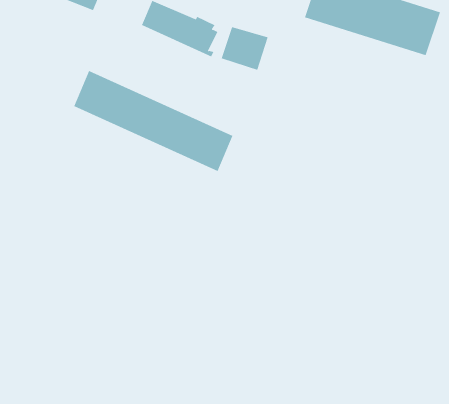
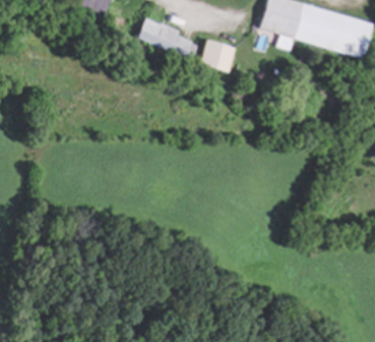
building: [74,70,233,172] -> none

